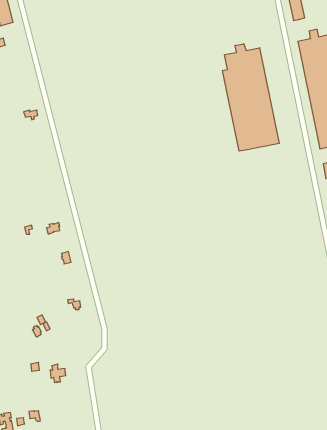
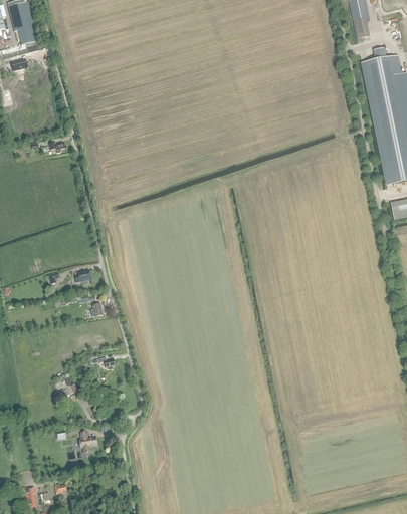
building: [223,44,279,151] -> none

